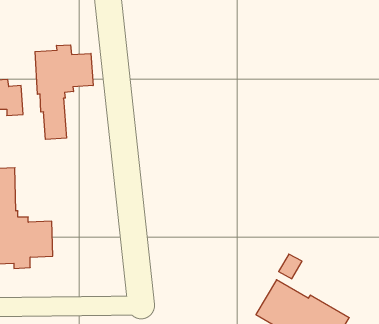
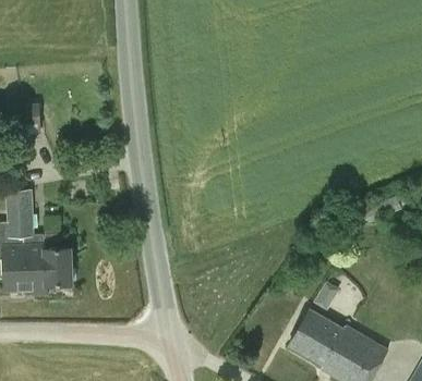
building: [35,45,93,139] -> none

